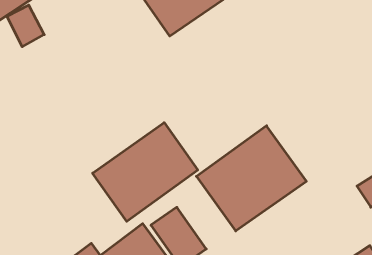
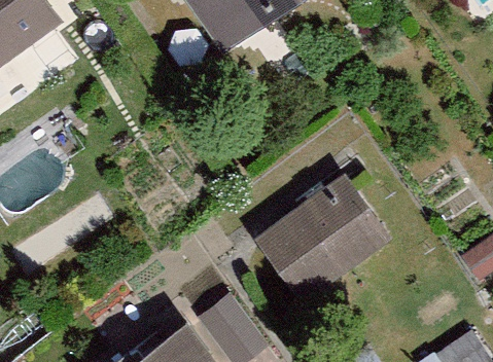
building: [93,123,198,221] -> none

